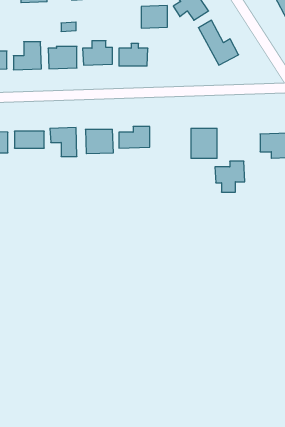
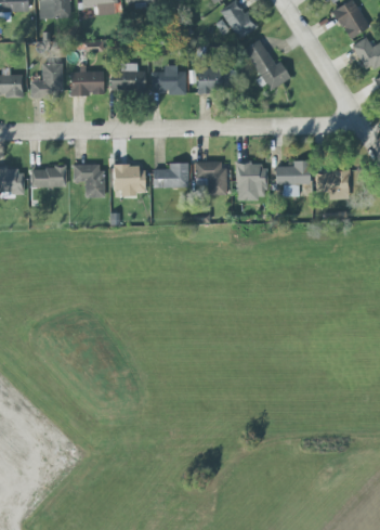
building: [141,6,167,28] -> [197,67,227,93]
building: none -> [195,161,226,195]
building: [215,161,245,192] -> [275,160,310,196]

